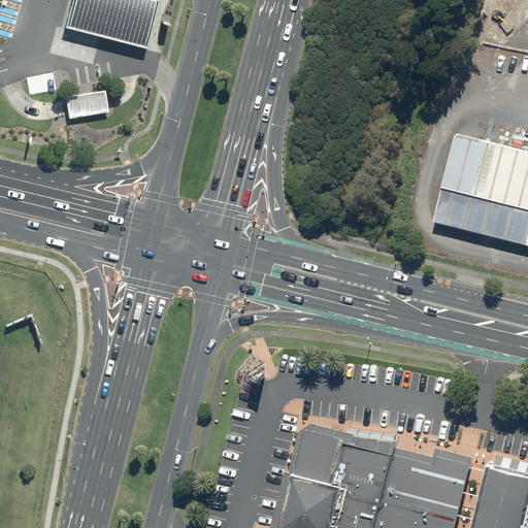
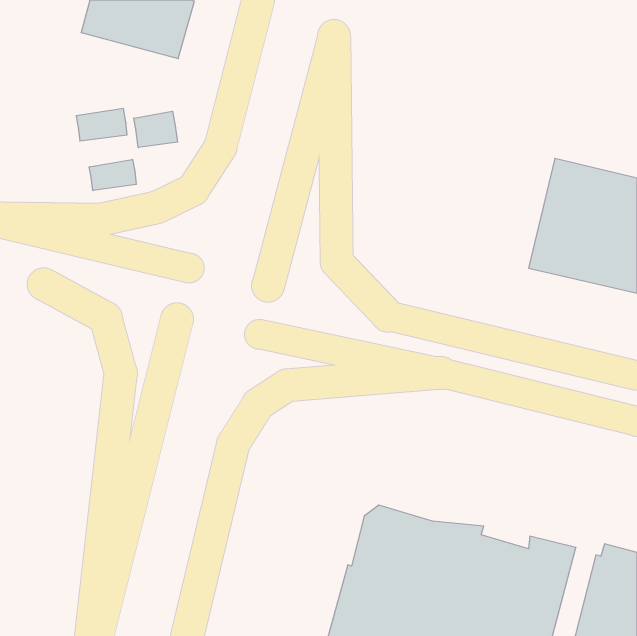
building: none -> [134,111,177,148]
building: none -> [89,159,136,191]

